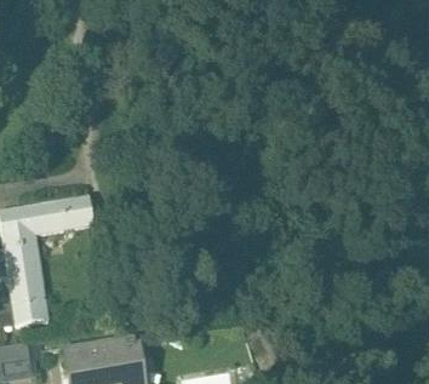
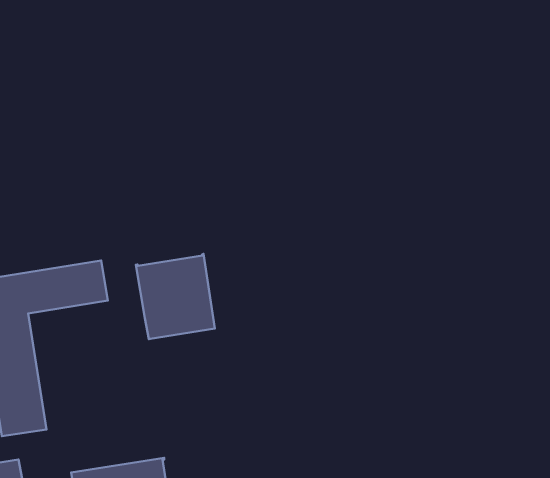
building: none -> [136,254,215,339]

